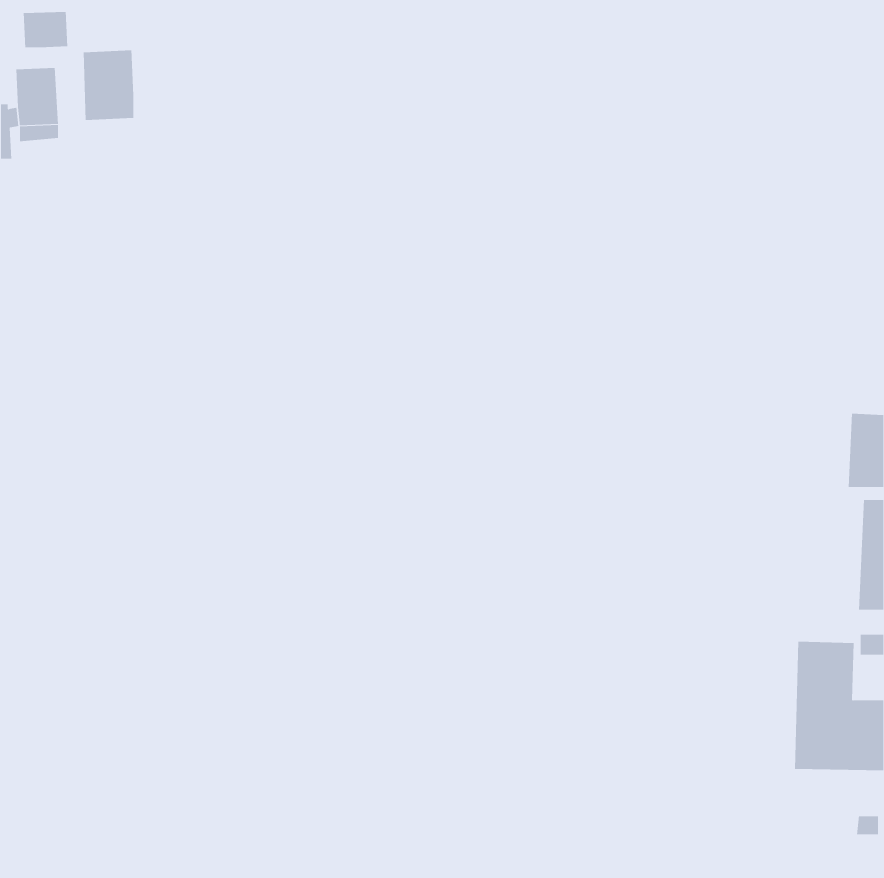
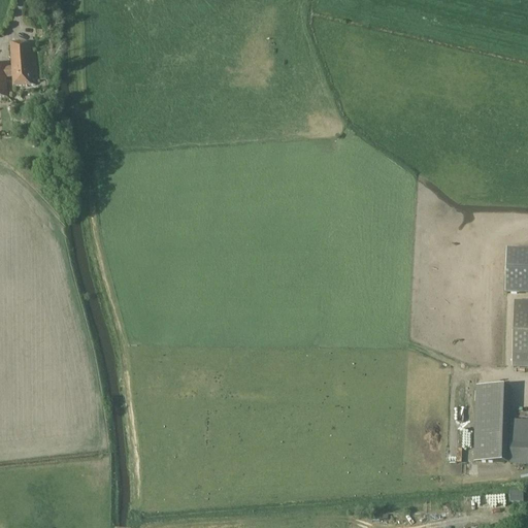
building: [23,11,68,48] -> none
building: [83,50,134,121] -> none

